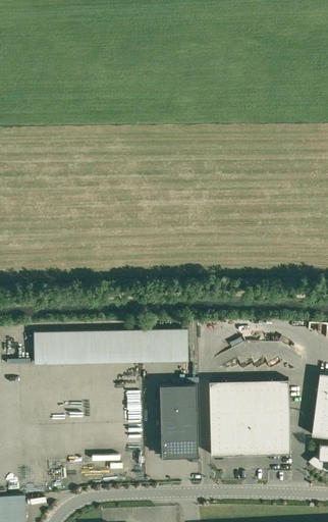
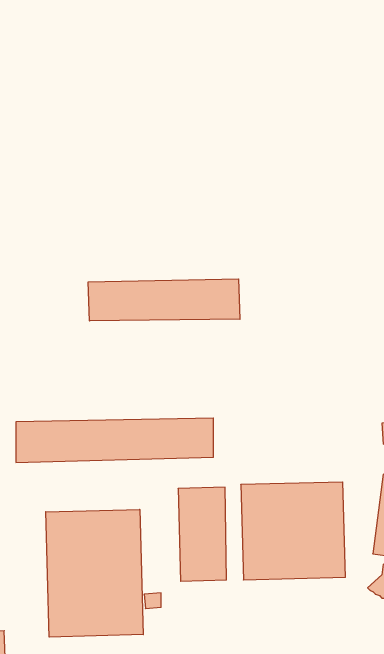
building: none -> [88,279,240,321]
building: none -> [46,509,143,637]

